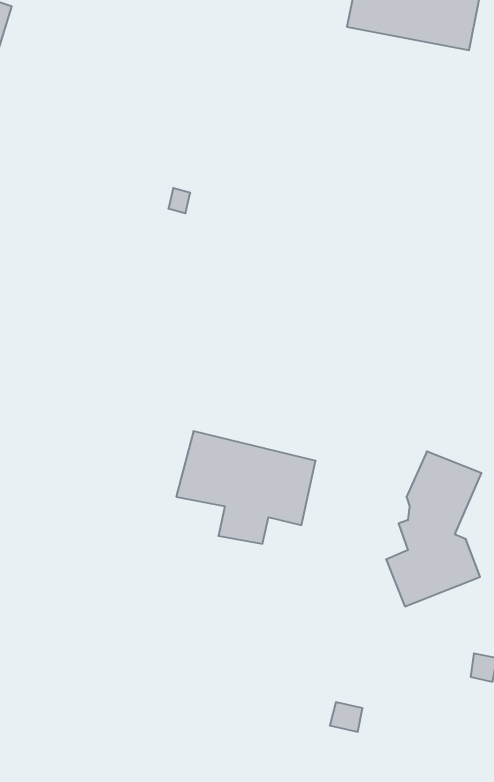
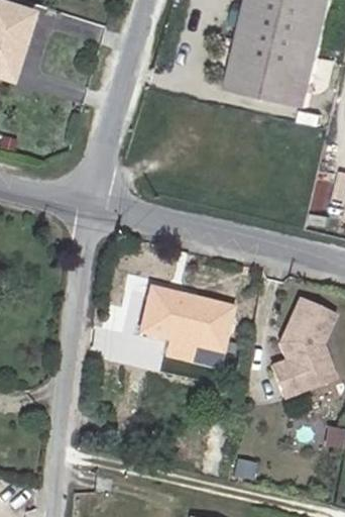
building: none -> [234,25,326,105]

